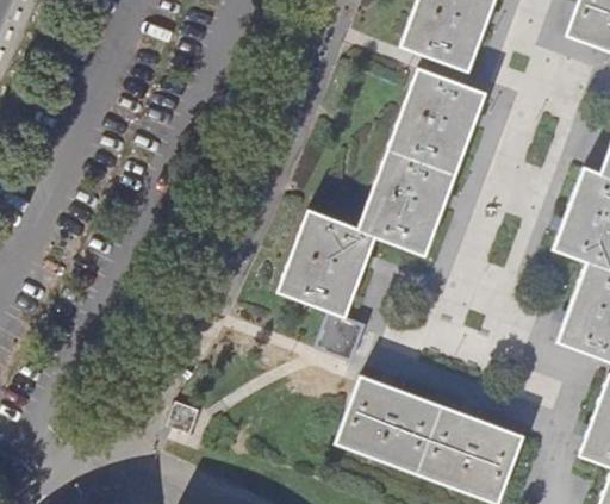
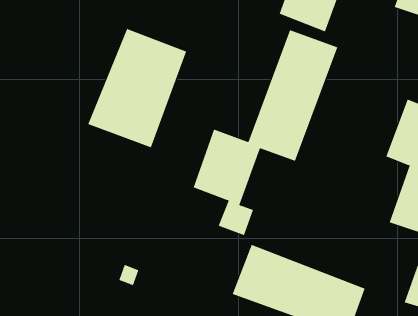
building: none -> [88,28,187,148]

